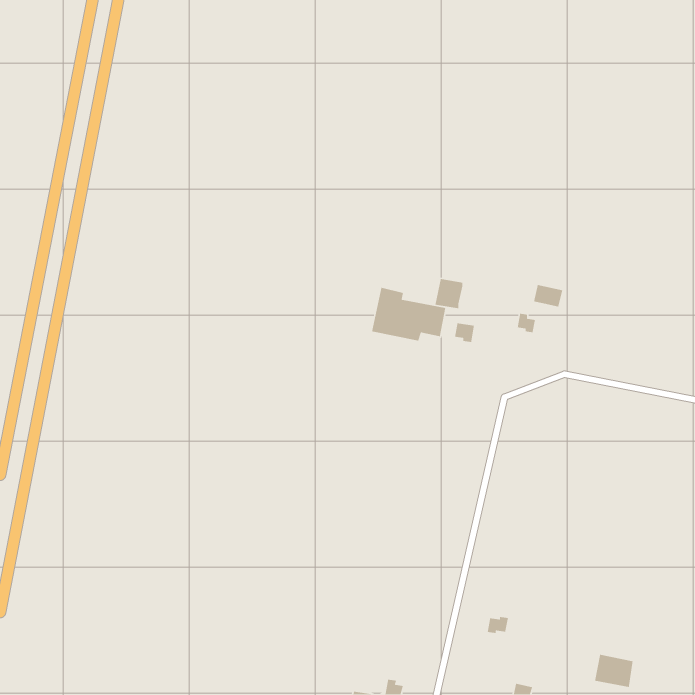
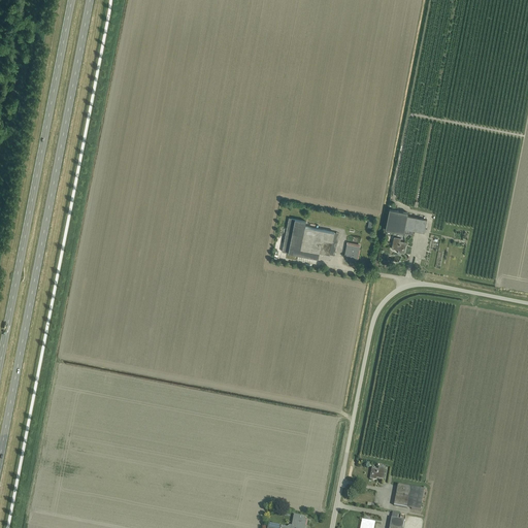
building: [435,278,463,309] -> [386,209,407,233]
building: [594,654,634,688] -> [394,485,424,510]

